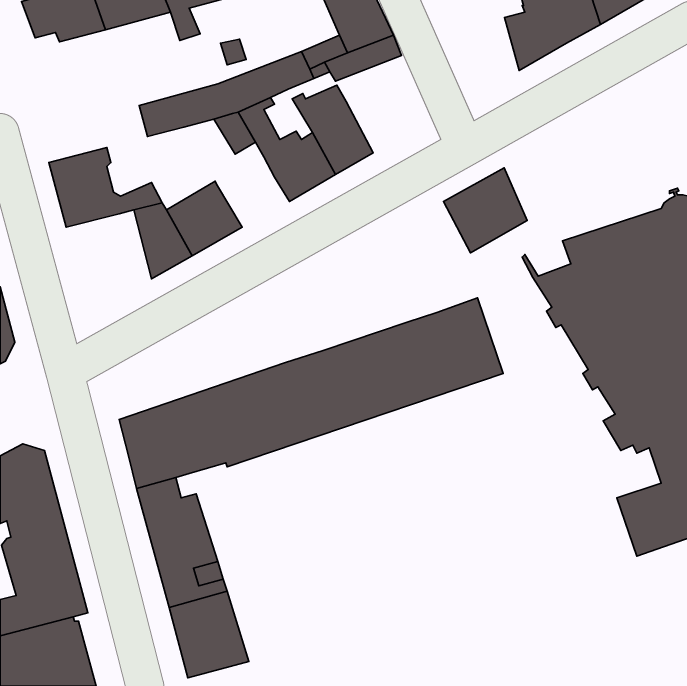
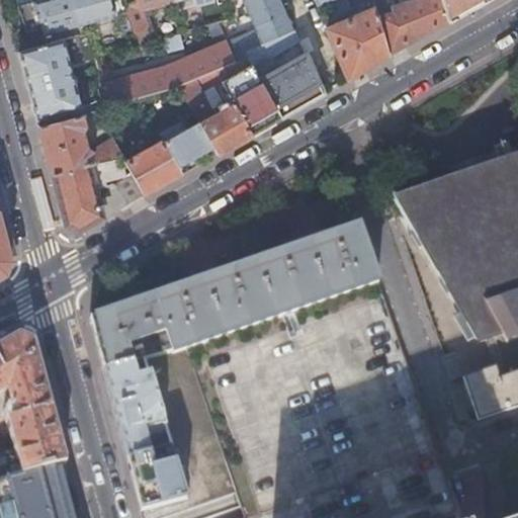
building: none -> [330,6,392,76]
building: none -> [20,37,82,115]
building: none -> [165,117,214,170]
building: [443,168,527,253] -> [262,51,325,114]
building: none -> [53,160,106,228]

